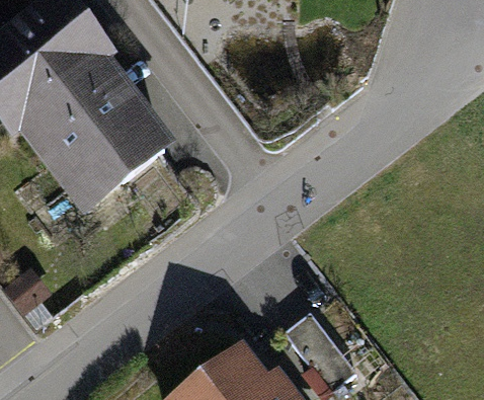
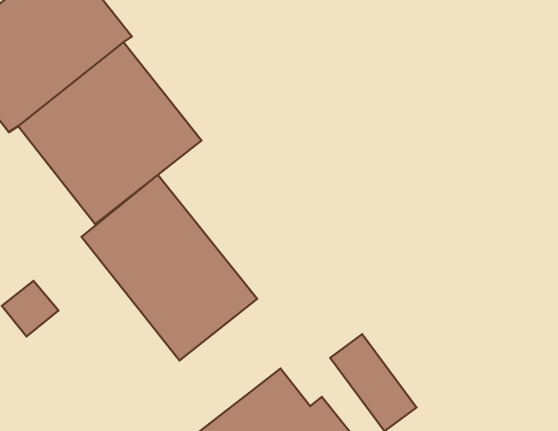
building: none -> [81,175,257,361]

